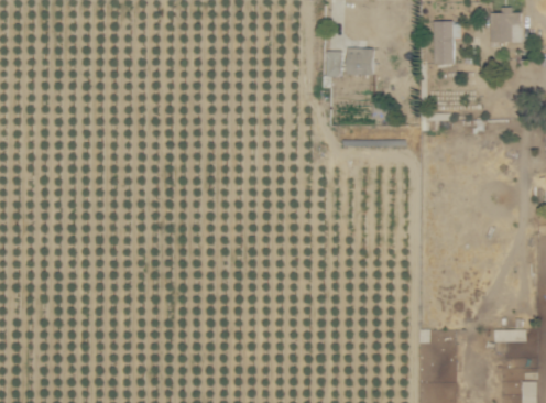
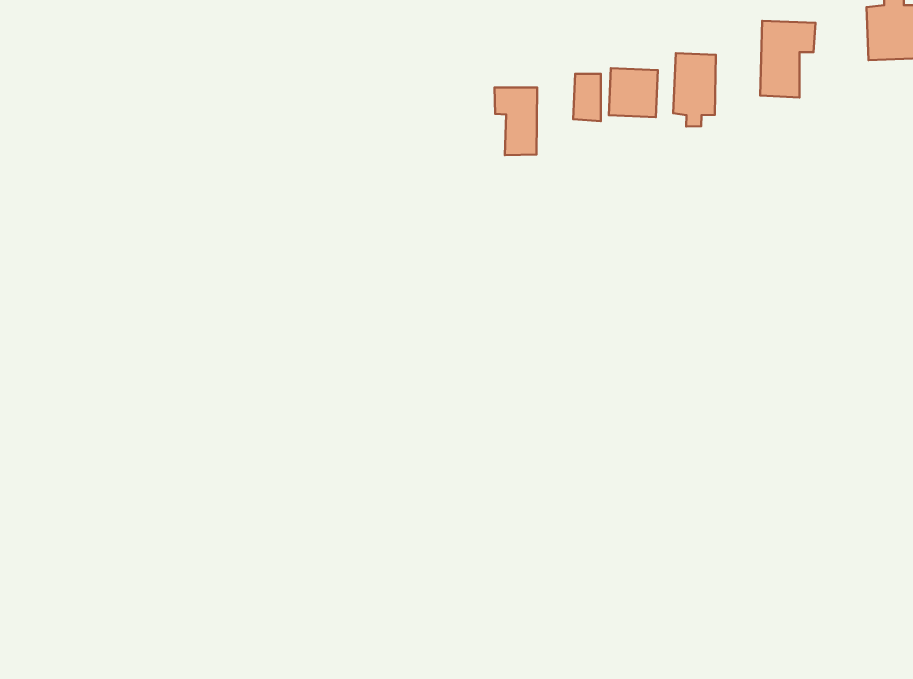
building: none -> [673,53,716,126]
building: none -> [495,87,537,155]

